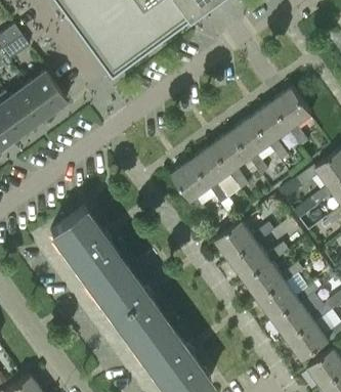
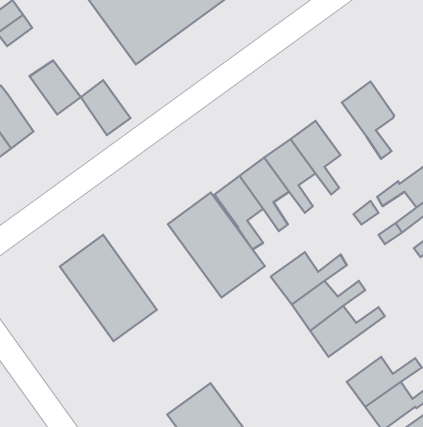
building: [9,85,48,128] -> [81,80,131,135]
building: [250,105,290,164] -> none
building: [92,267,168,349] -> [168,193,265,298]
building: [260,285,318,323] -> none

